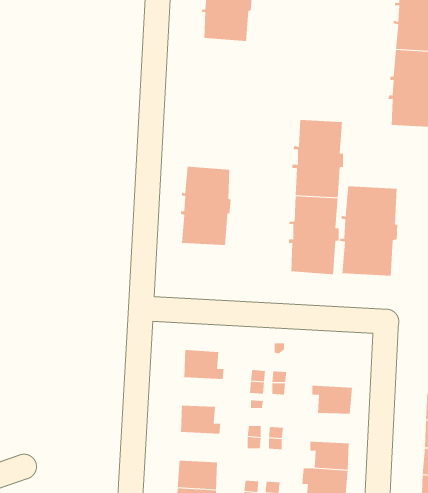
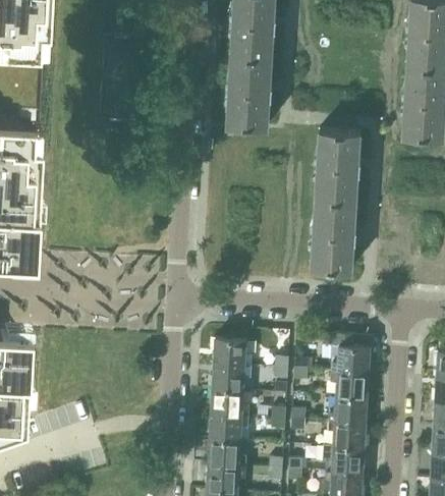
building: [180,166,231,245] -> [227,56,274,128]
building: [339,186,398,276] -> none
building: none -> [332,336,375,375]
building: none -> [213,366,252,392]
building: none -> [330,398,368,426]
building: none -> [211,416,251,443]

